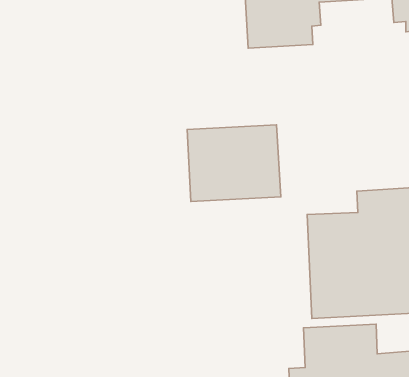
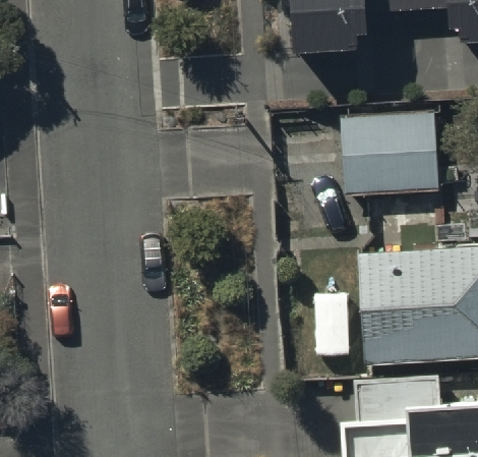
building: [187,125,281,201] -> [340,112,443,196]

